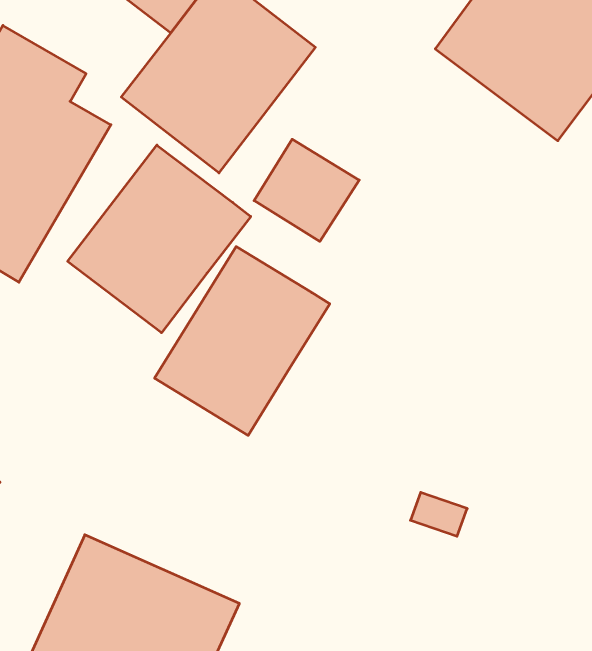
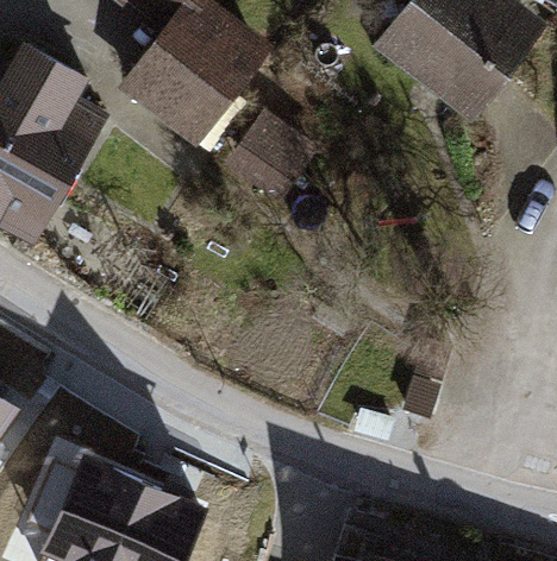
building: [68,145,251,333] -> none
building: [155,247,330,435] -> none

